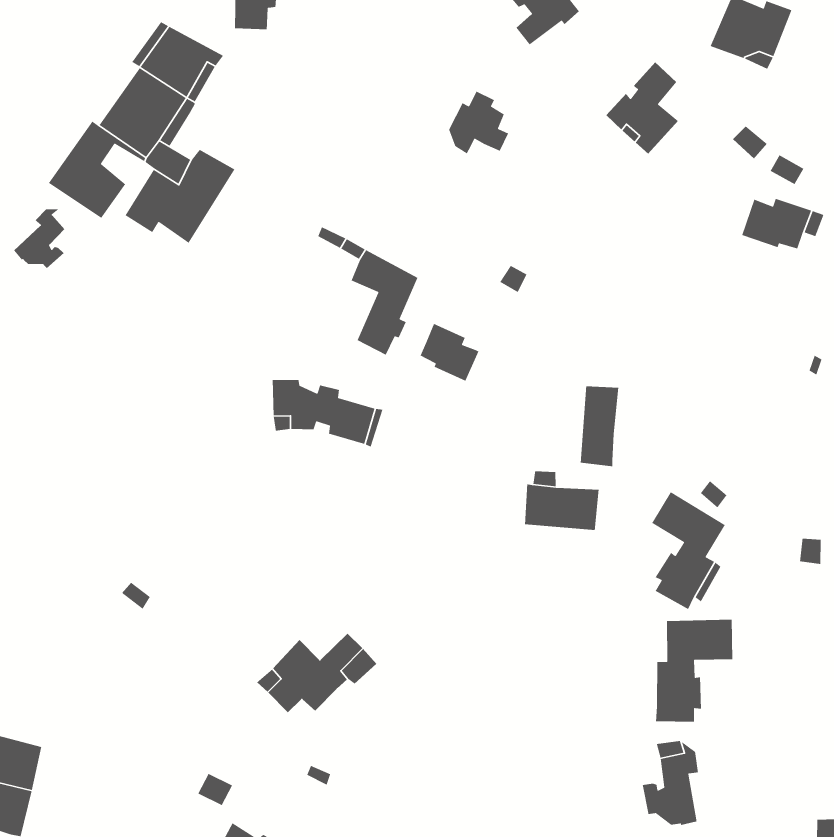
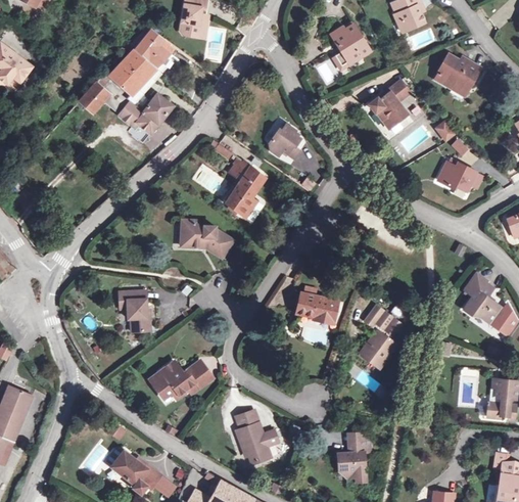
building: [448,91,509,154] -> [266,123,297,156]
building: [13,209,65,269] -> none
building: [419,323,480,382] -> none
building: [580,386,619,467] -> none
building: none -> [115,291,149,332]
building: [655,619,733,723] -> none
building: none -> [237,411,280,464]

